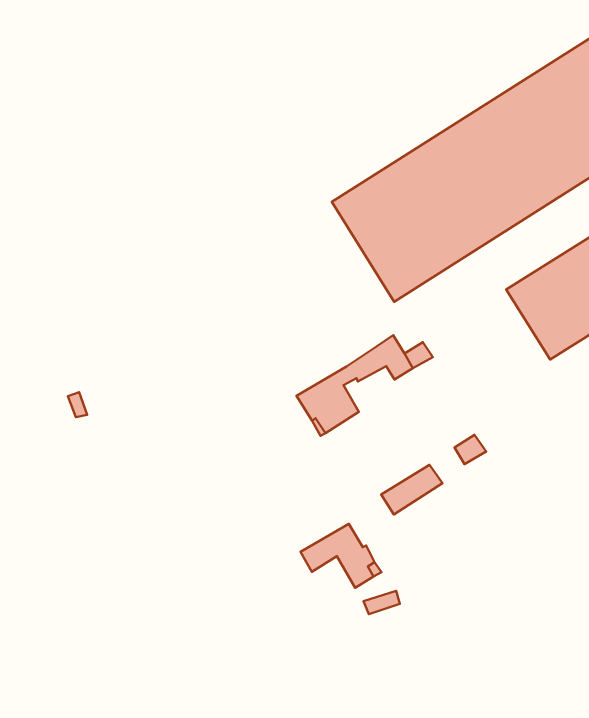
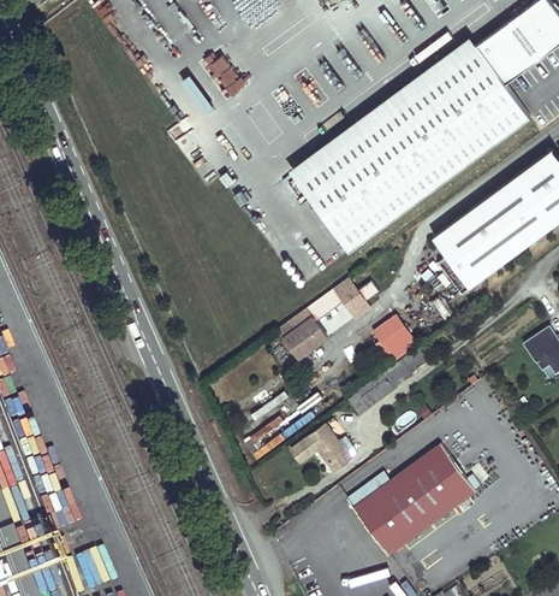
building: none -> [373,315,415,359]
building: none -> [352,444,480,561]

